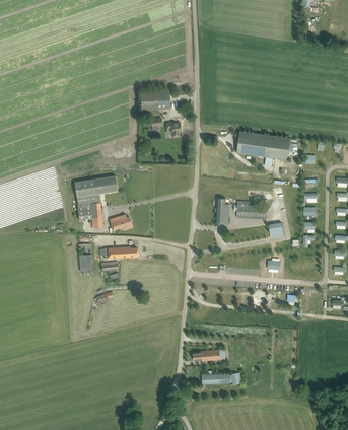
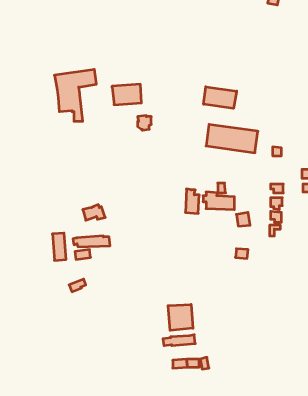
building: none -> [204,87,237,108]
building: [74,175,118,229] -> [54,69,96,121]
building: none -> [168,304,193,330]

